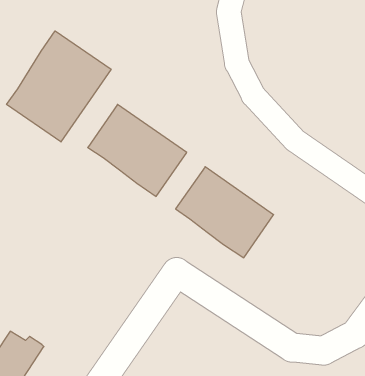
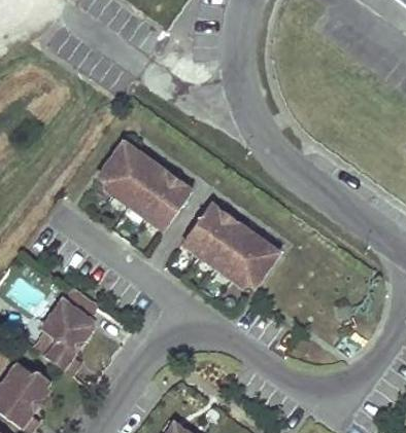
building: [7,31,111,142] -> none
building: none -> [36,304,94,372]

